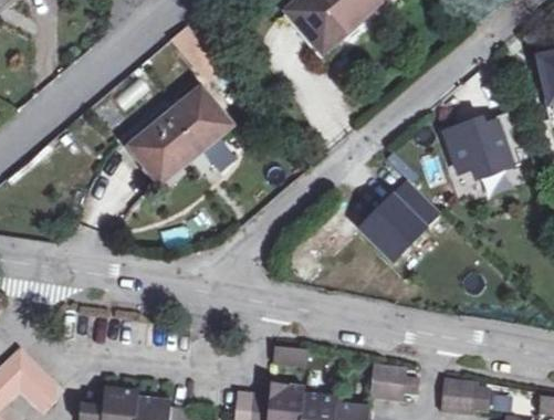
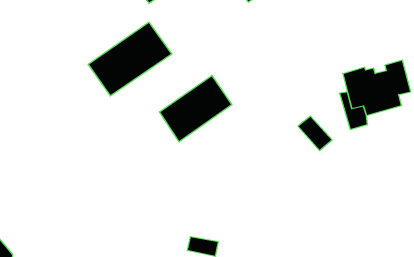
building: none -> [159,75,232,142]
building: [364,199,425,260] -> none

